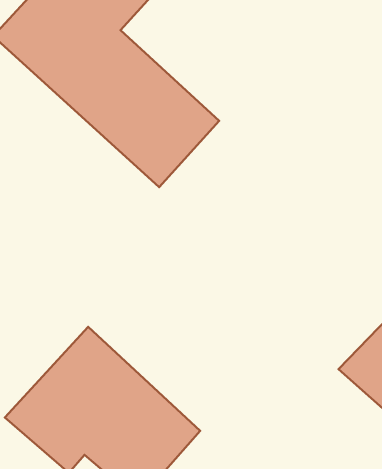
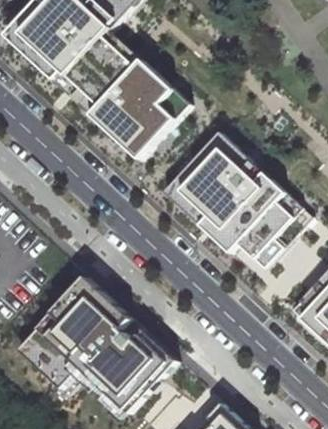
building: none -> [163,133,311,268]

